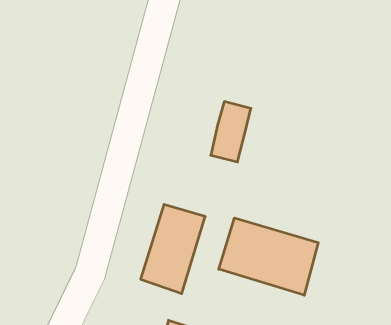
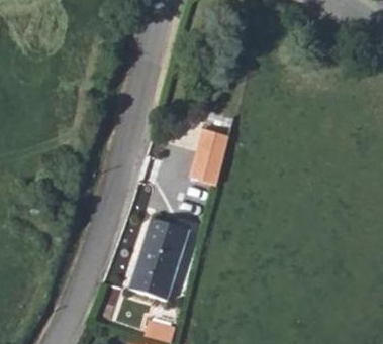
building: [219,218,318,295] -> none

